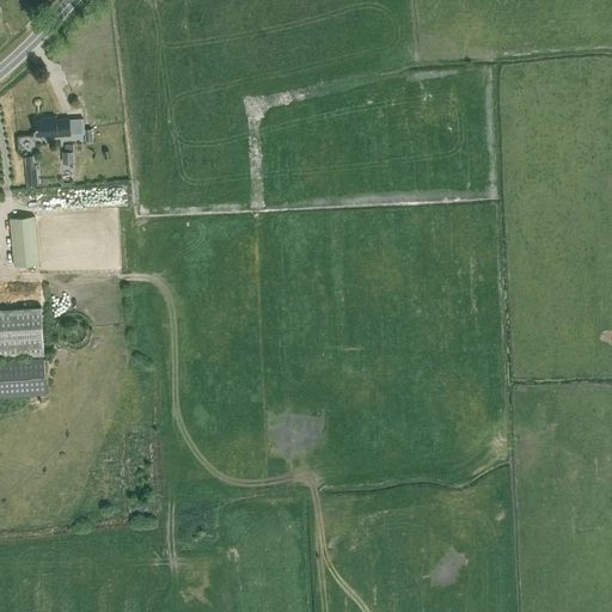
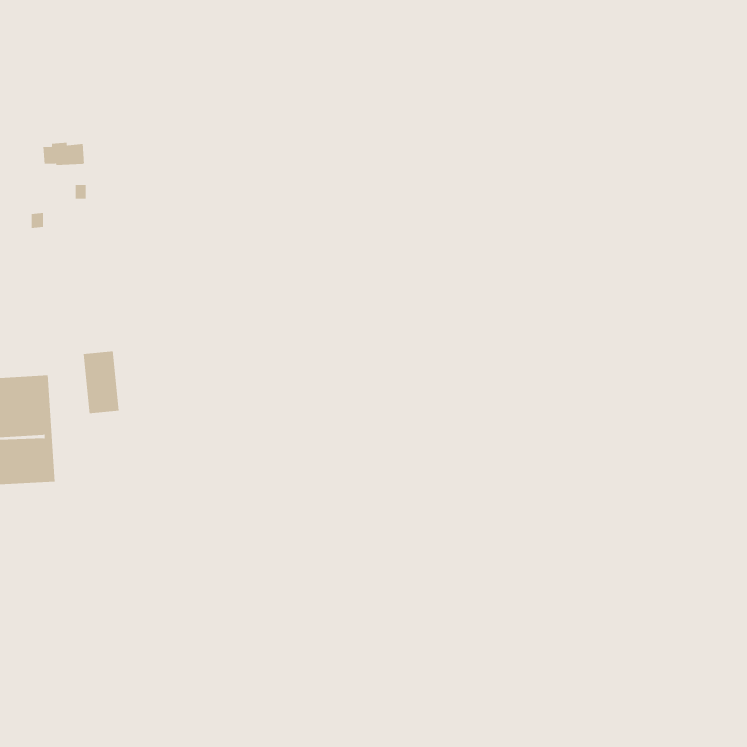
building: [8,216,38,268] -> [83,351,120,414]

